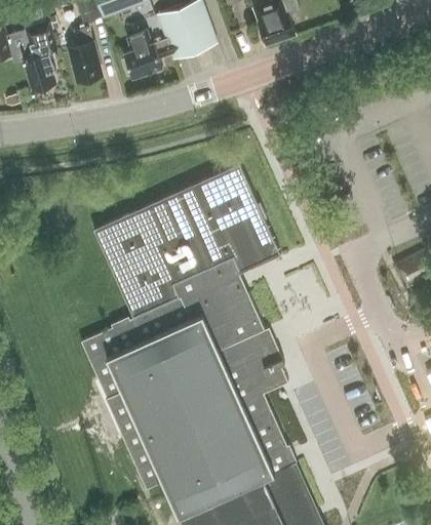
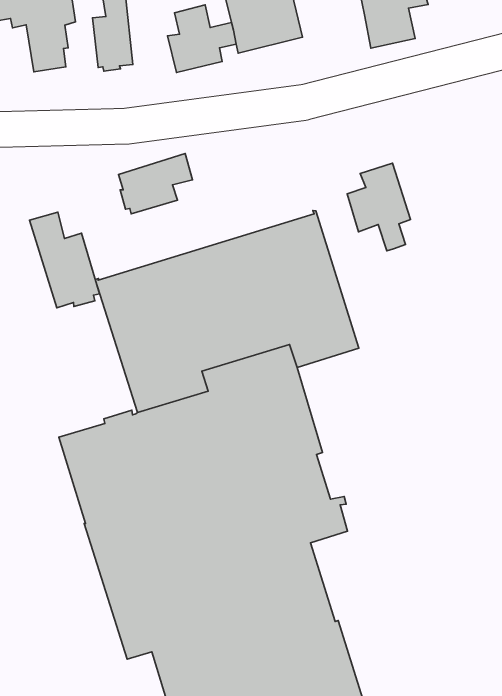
building: none -> [347,163,411,251]
building: none -> [118,154,193,214]
building: none -> [29,212,100,308]

